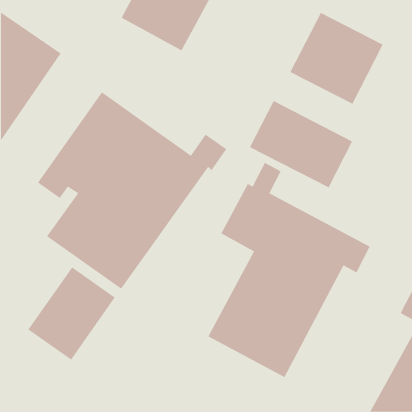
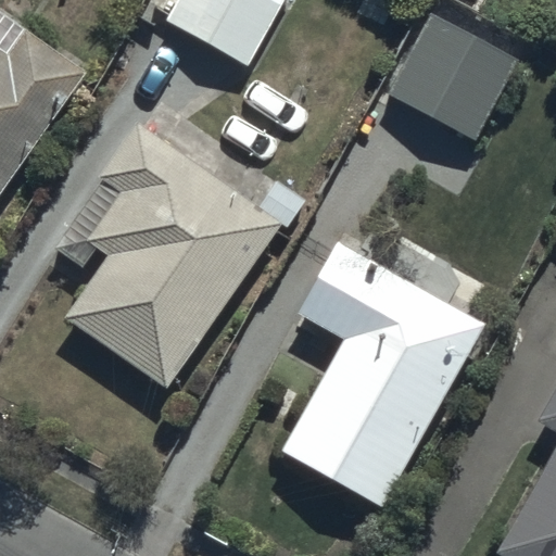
building: [249,100,353,188] -> none
building: [28,267,116,360] -> none

